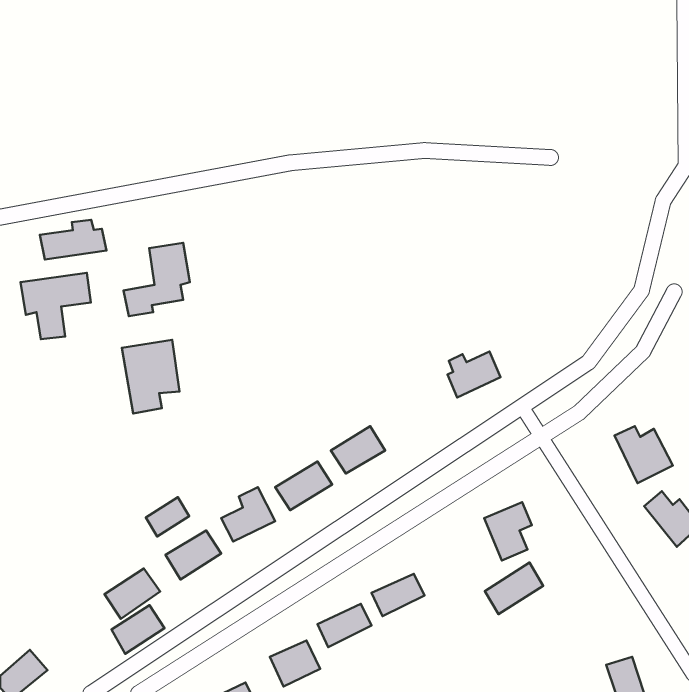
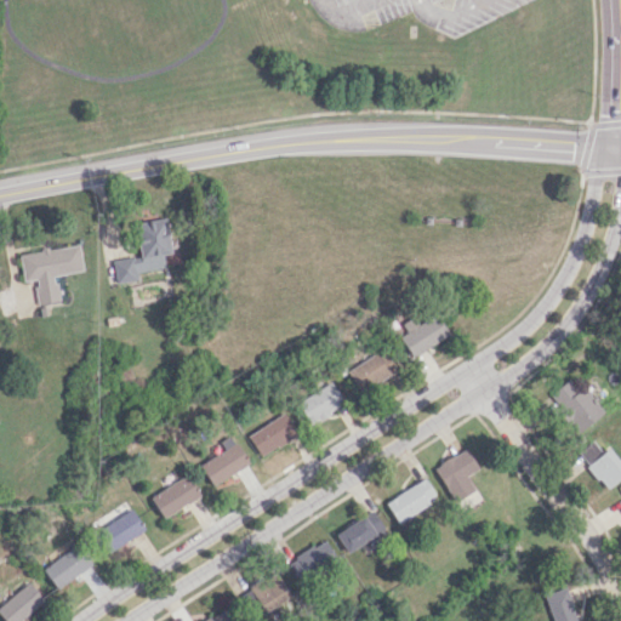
building: [40,220,106,259] -> none
building: [122,340,180,414] -> none
building: none -> [354,349,400,389]
building: [146,497,189,536] -> none
building: [485,563,543,614] -> [387,478,439,524]
building: [112,605,164,654] -> [45,546,92,589]

